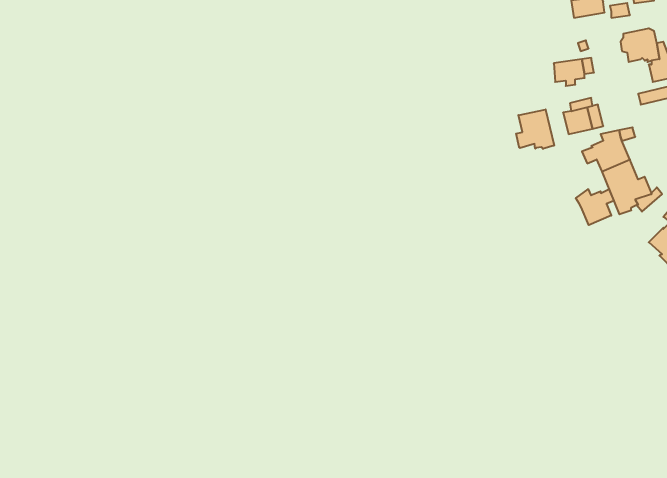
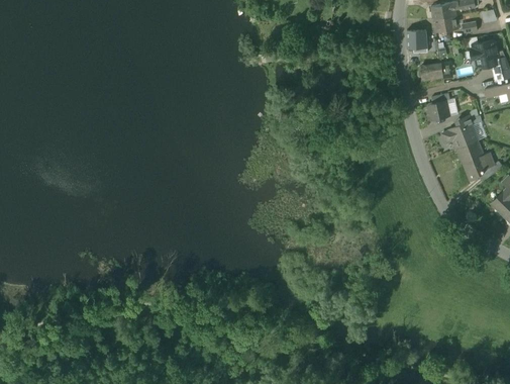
building: none -> [405,30,426,53]
building: [516,109,554,149] -> none
building: [576,189,614,225] -> none

